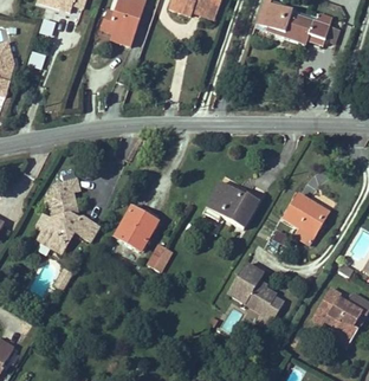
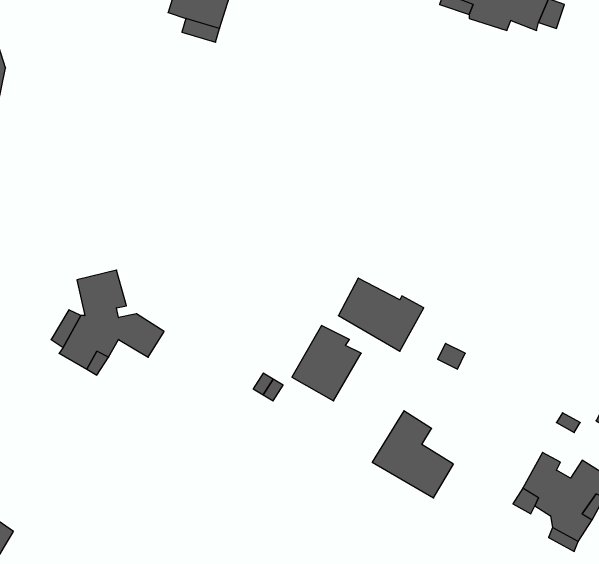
building: [283,199,331,243] -> none
building: [118,205,160,250] -> [292,326,361,401]

